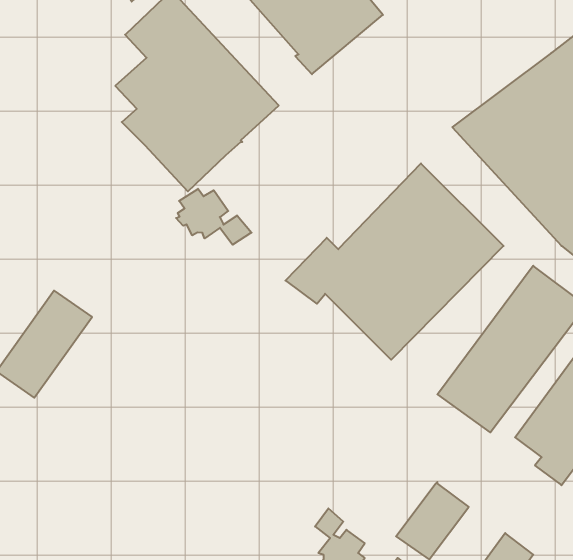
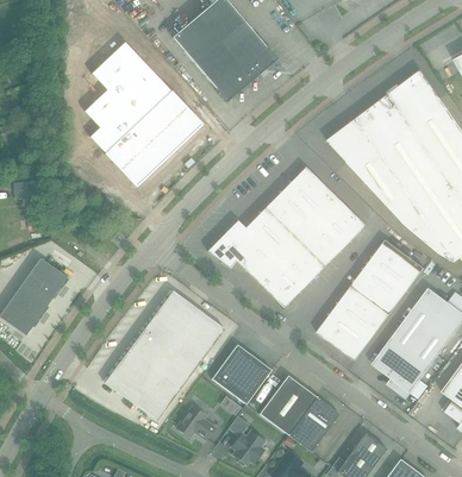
building: [176,189,252,245] -> none
building: none -> [105,289,225,420]
building: none -> [211,343,271,403]
building: none -> [260,375,316,434]
building: none -> [176,404,216,439]

